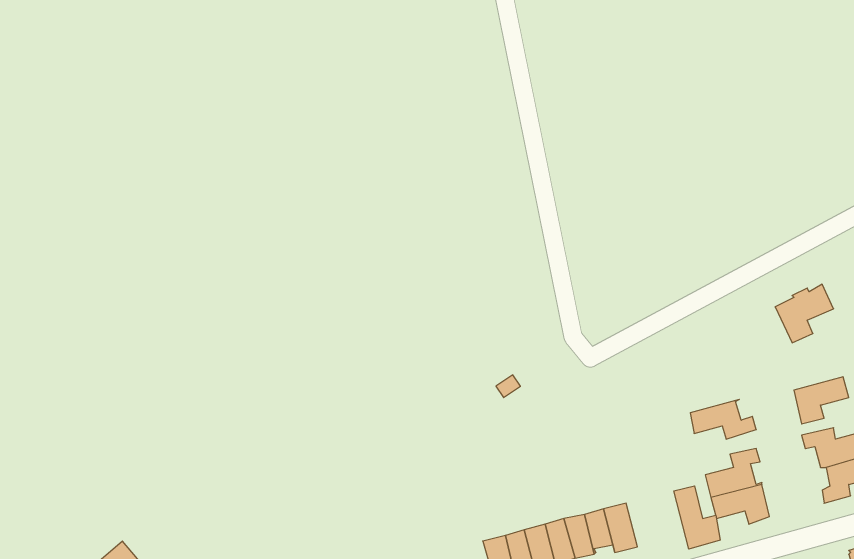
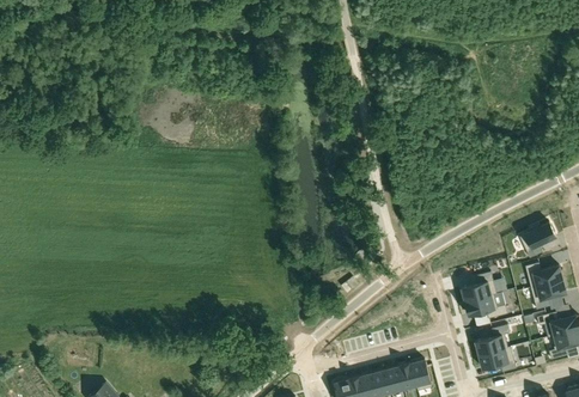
building: none -> [525,263,562,288]
building: none -> [461,271,496,303]
building: [674,486,720,549] -> none

